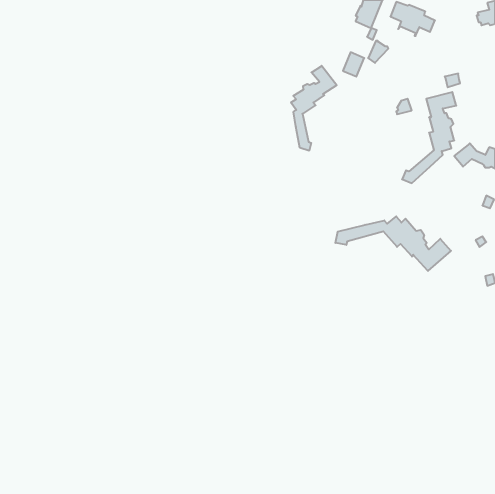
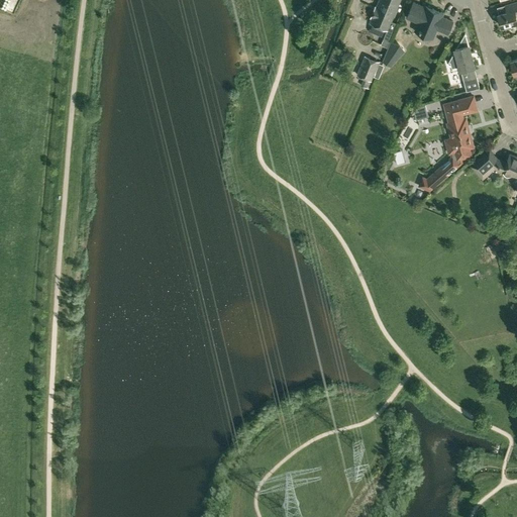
building: none -> [448,33,475,71]
building: [291,66,337,151] -> none
building: [335,216,451,271] -> none

